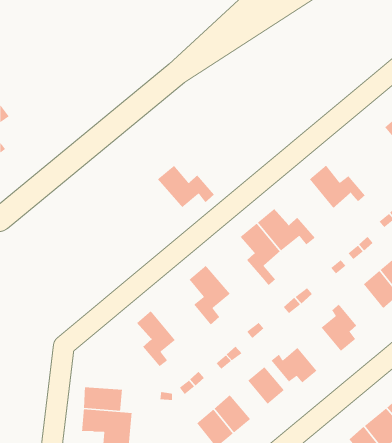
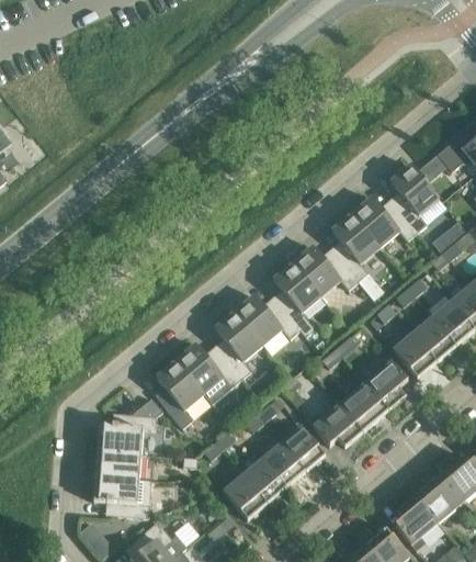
building: none -> [390,165,439,233]
building: [157,165,215,208] -> [235,295,301,345]
building: none -> [332,214,379,281]
building: none -> [393,334,437,379]
building: none -> [175,345,240,404]
building: none -> [339,383,388,432]
building: none -> [97,398,162,453]
building: none -> [262,443,305,487]

